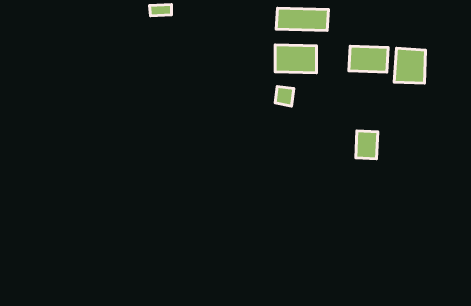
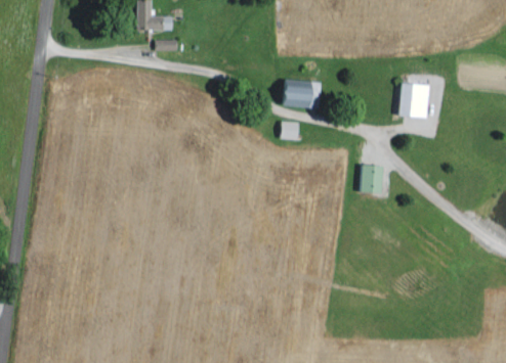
building: [276,8,329,30] -> none
building: [349,46,388,72] -> none

